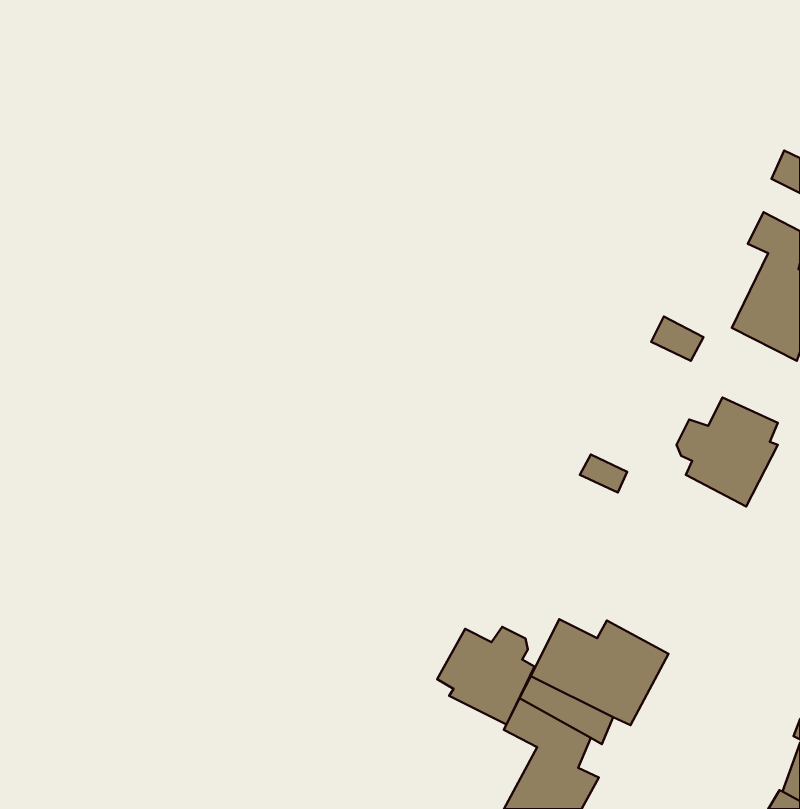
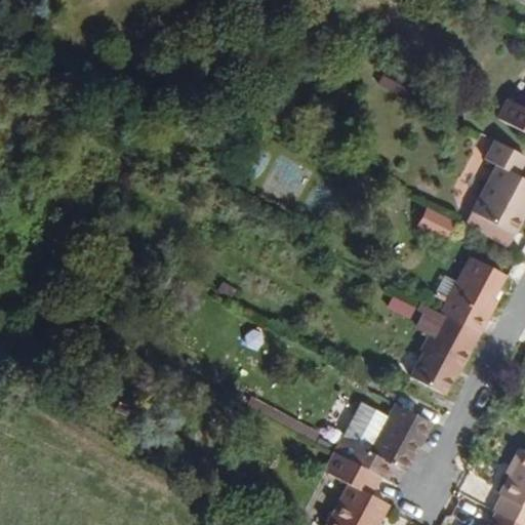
building: none -> [411,301,483,391]
building: [437,627,535,724] -> none

